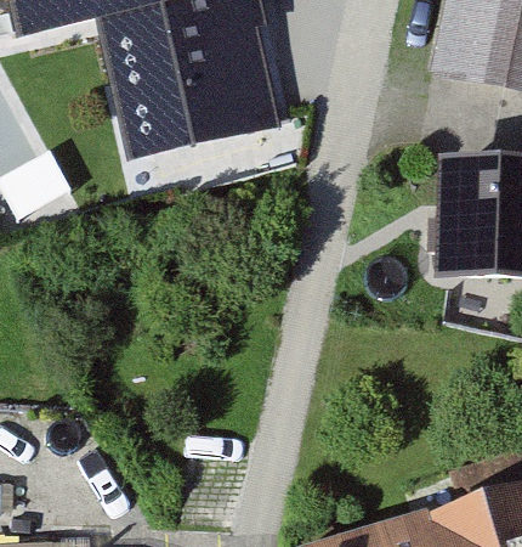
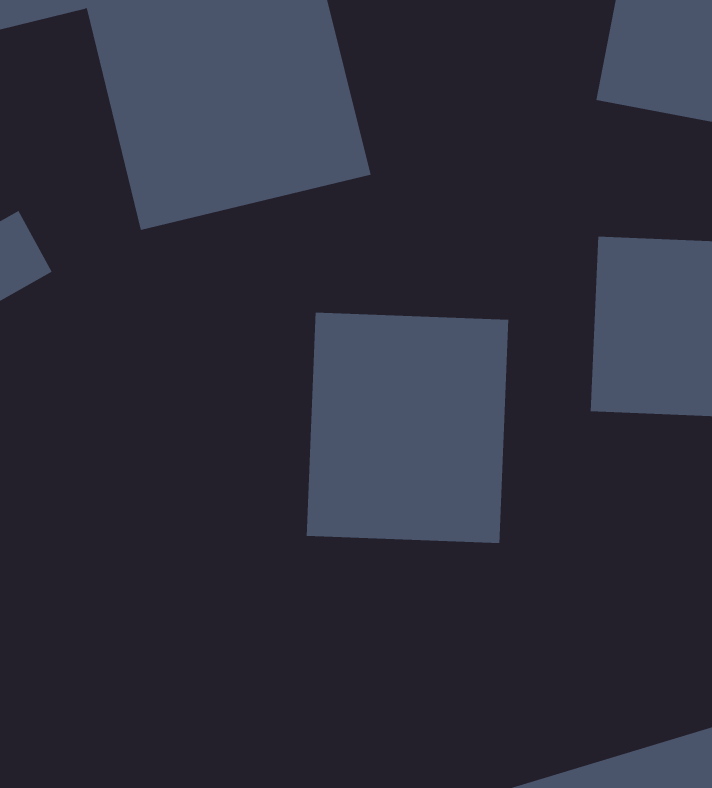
building: none -> [306,312,509,544]

